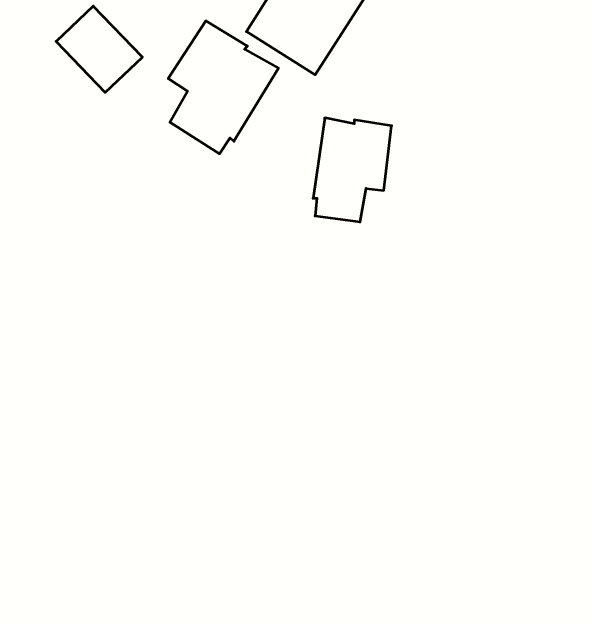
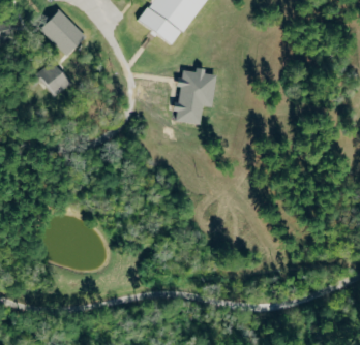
building: [168,21,278,154] -> none
building: none -> [35,61,71,97]

